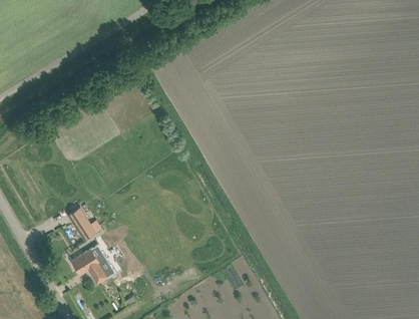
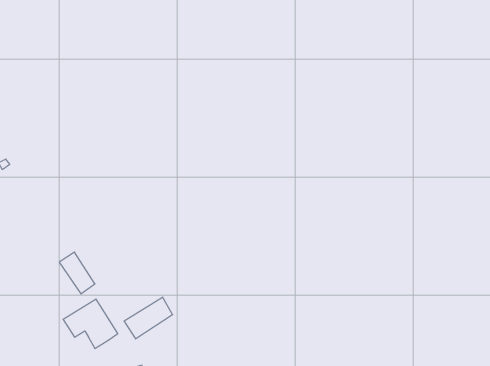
building: none -> [124,297,173,339]

